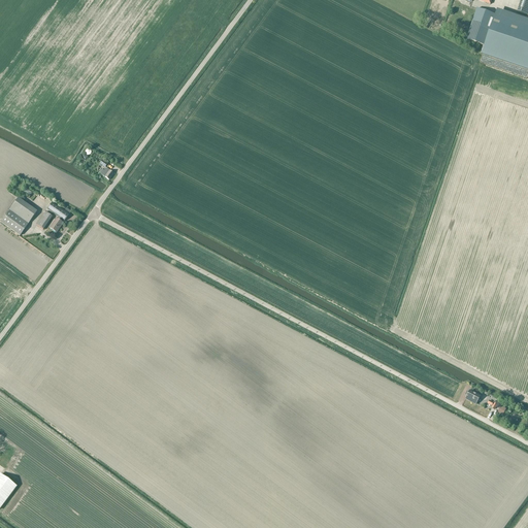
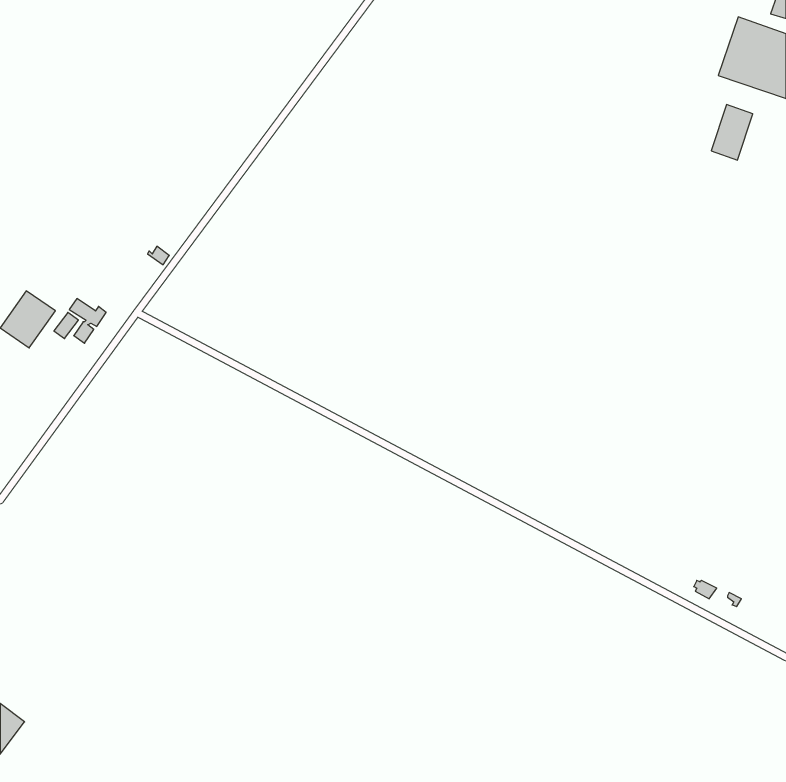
building: [466,6,494,43] -> [711,105,753,160]

